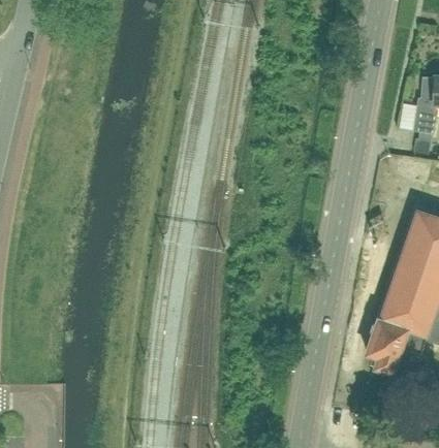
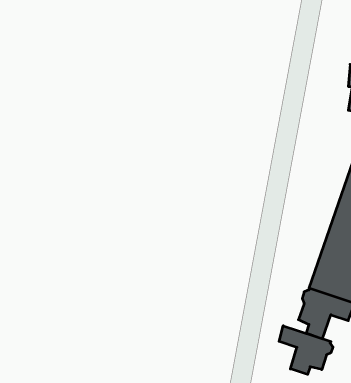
building: none -> [279,326,333,374]

